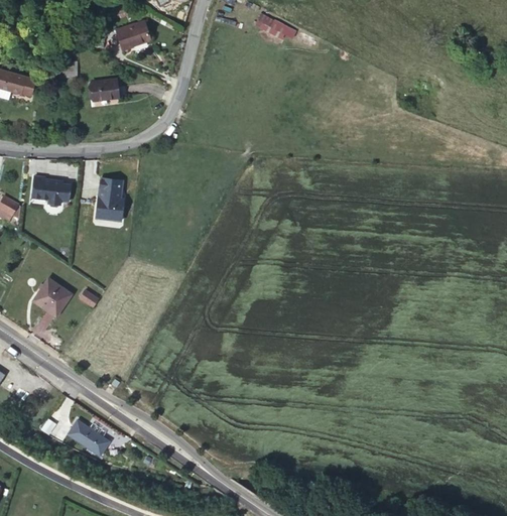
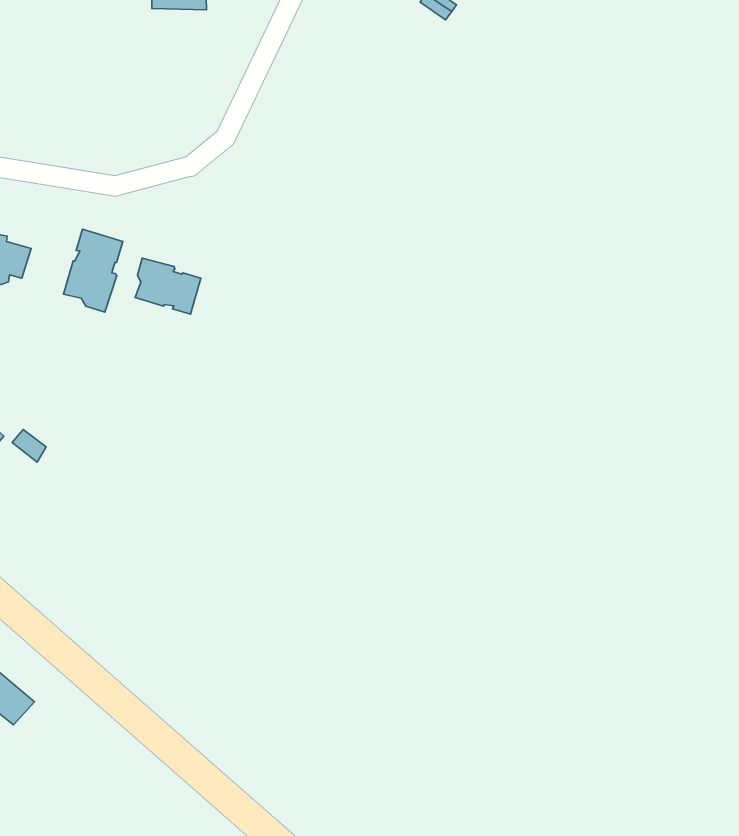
building: [94,79,122,100] -> none
building: none -> [135,258,201,314]

